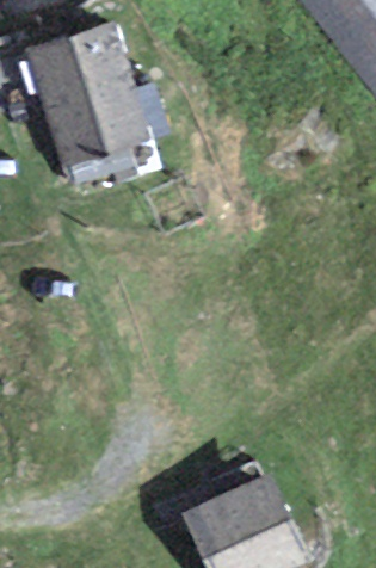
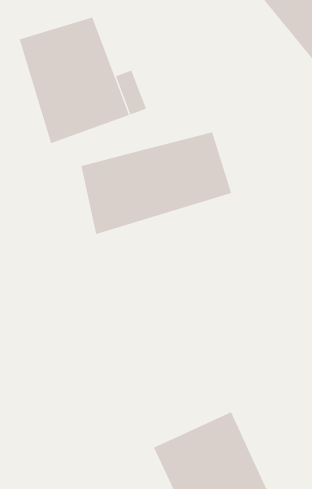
building: none -> [81,131,232,235]

